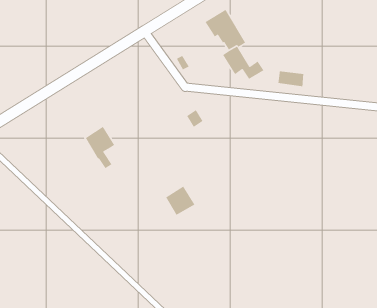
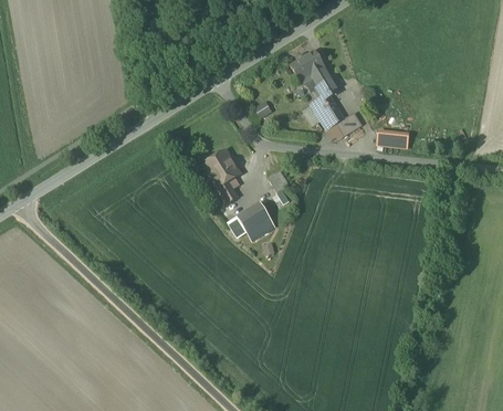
building: [85,126,115,169] -> [203,150,240,202]
building: [165,185,195,216] -> [238,202,274,239]

